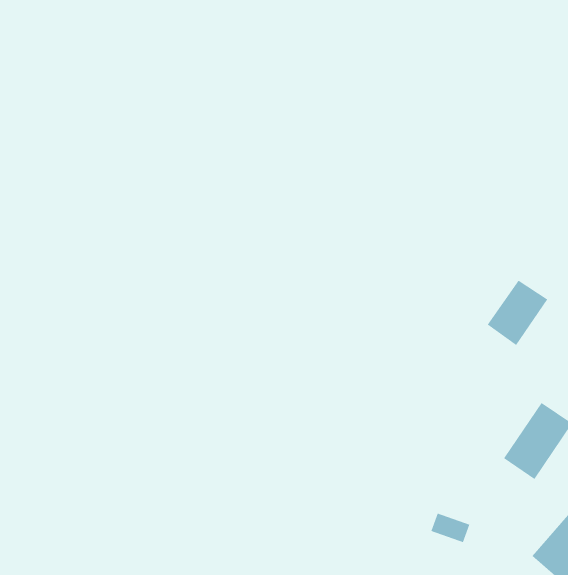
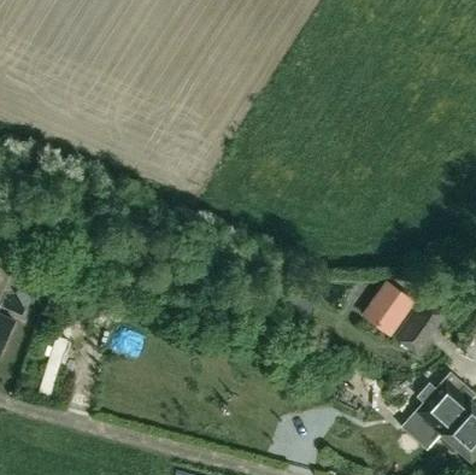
building: [487,280,548,346] -> [365,286,410,334]

